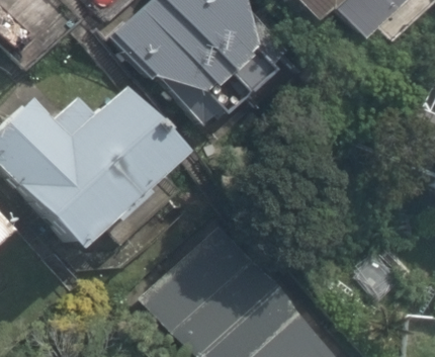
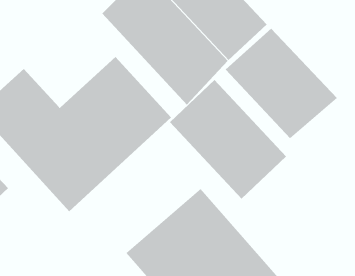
building: none -> [225,28,338,139]
building: none -> [169,79,287,199]

